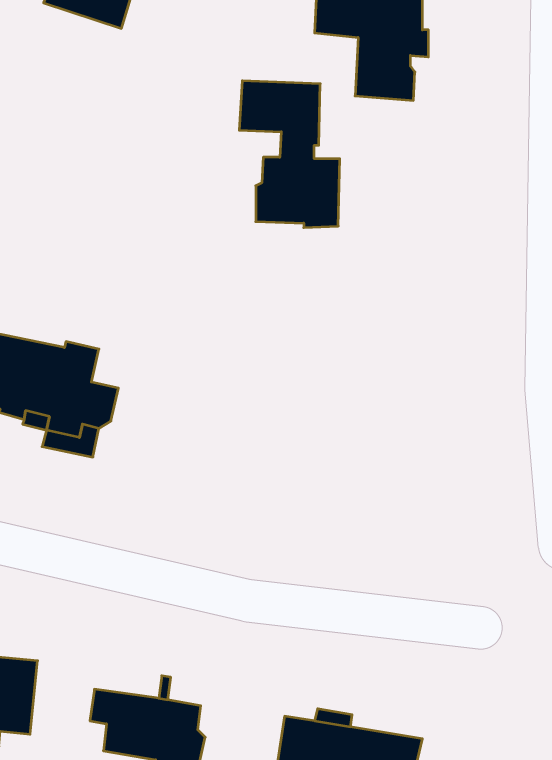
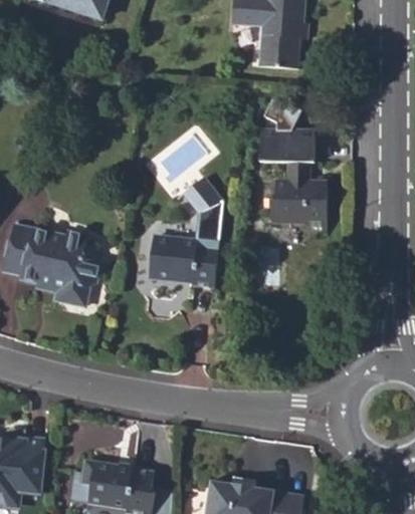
building: [239,81,340,228] -> [260,127,328,226]
building: none -> [151,175,223,286]

